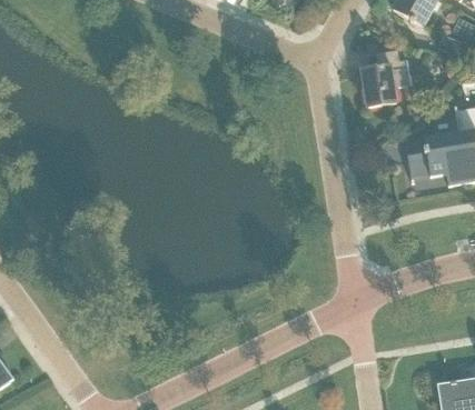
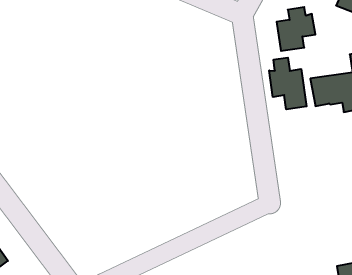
building: none -> [269,58,307,109]

